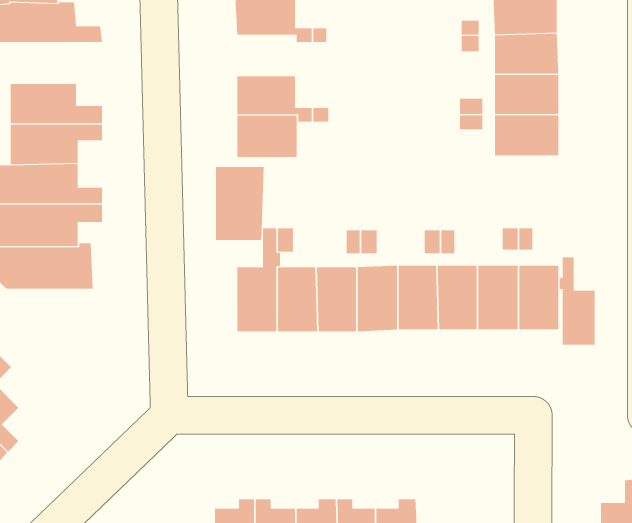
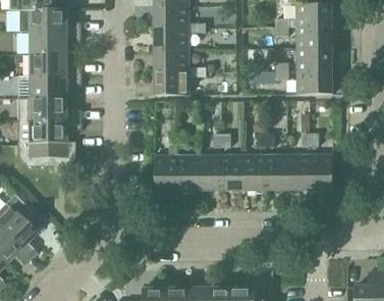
building: none -> [155,28,187,50]
building: none -> [31,32,81,54]
building: [215,166,264,241] -> none
building: [559,256,595,345] -> none

